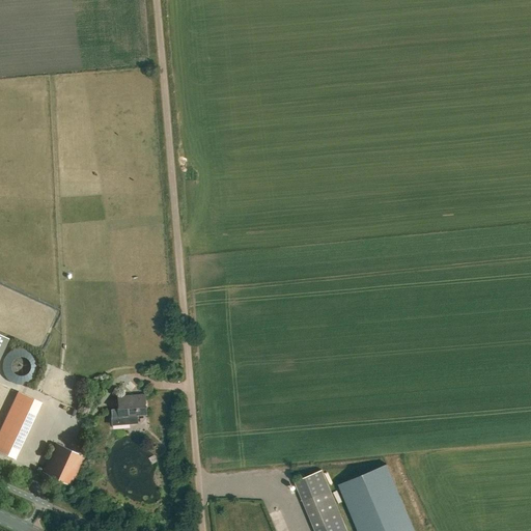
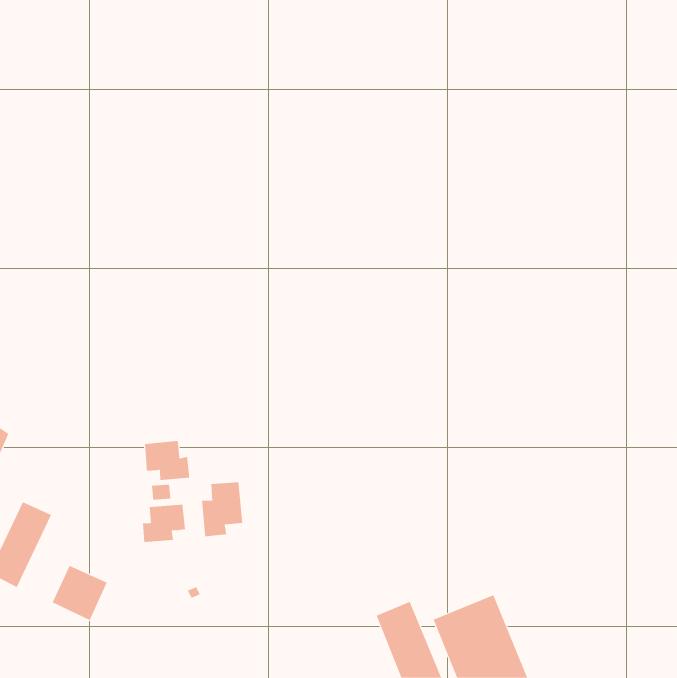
building: none -> [145,440,190,481]
building: none -> [202,482,243,537]

